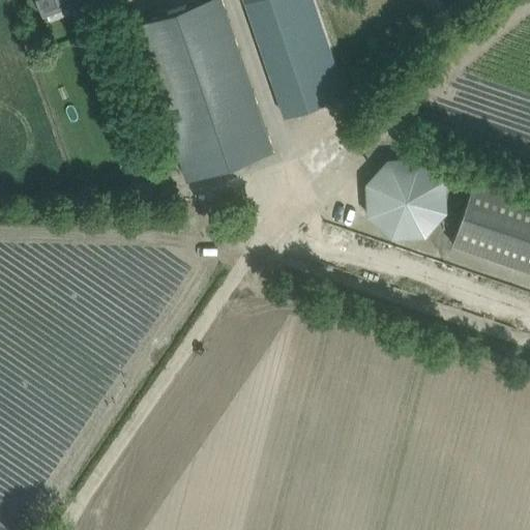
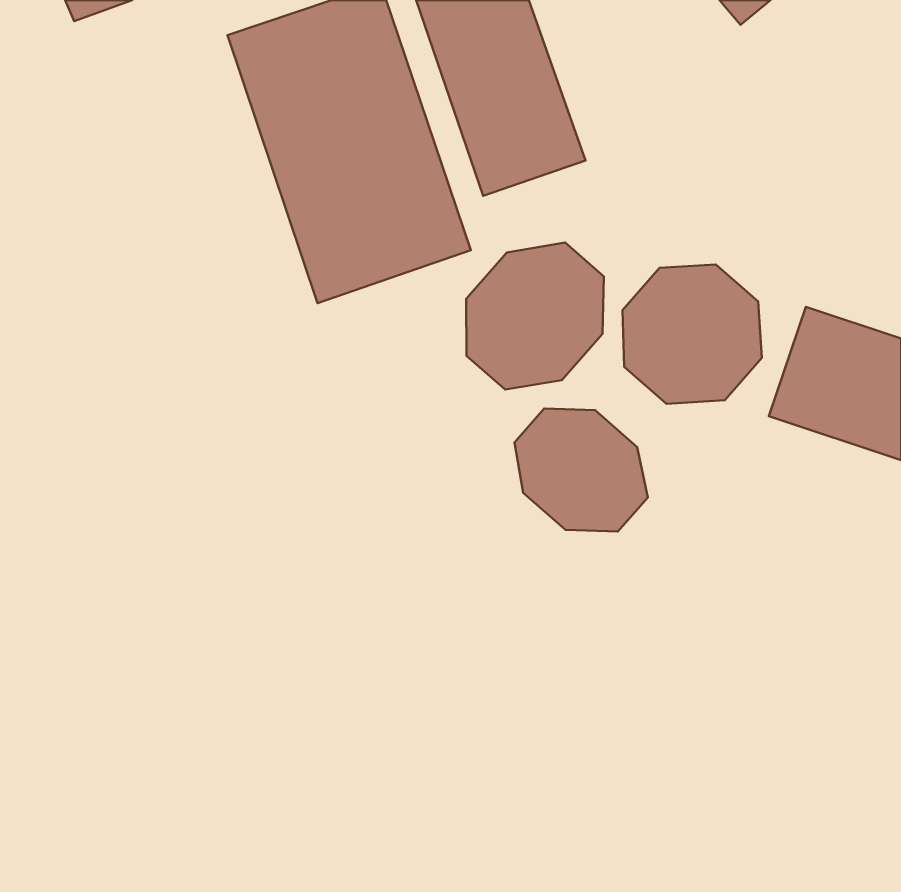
building: none -> [466,243,604,390]
building: none -> [514,409,648,531]

